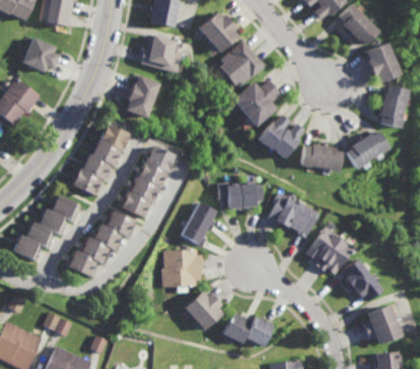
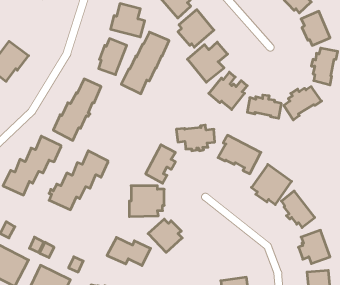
building: [23,38,62,73] -> none
building: [120,145,177,219] -> [121,32,169,94]
building: [223,311,275,345] -> [107,237,151,266]

